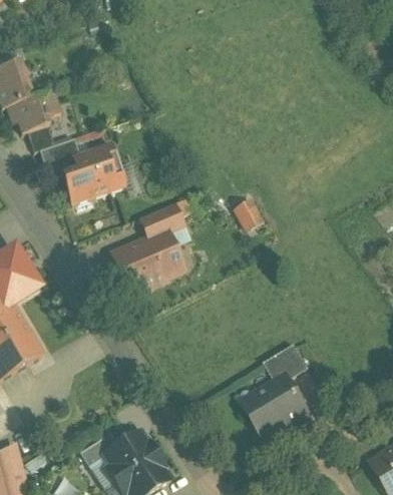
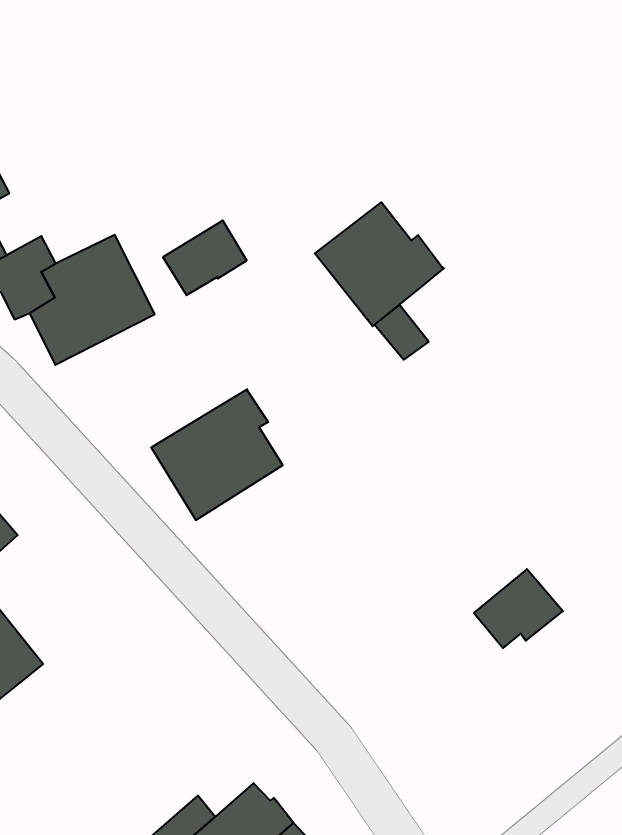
building: none -> [315,202,444,326]
building: [141,201,183,236] -> [163,220,247,295]
building: [244,374,309,437] -> none

